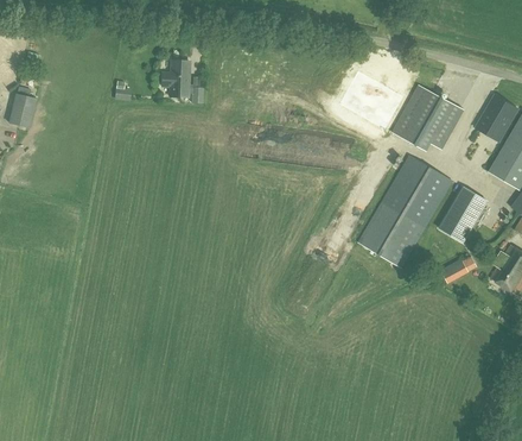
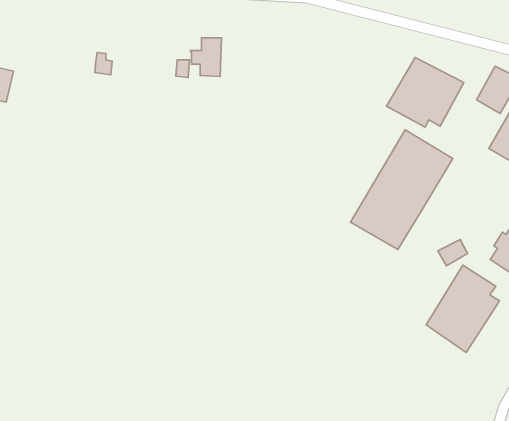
building: [159,61,189,97] -> [190,38,222,77]
building: [438,187,488,244] -> none
building: none -> [426,265,500,352]

